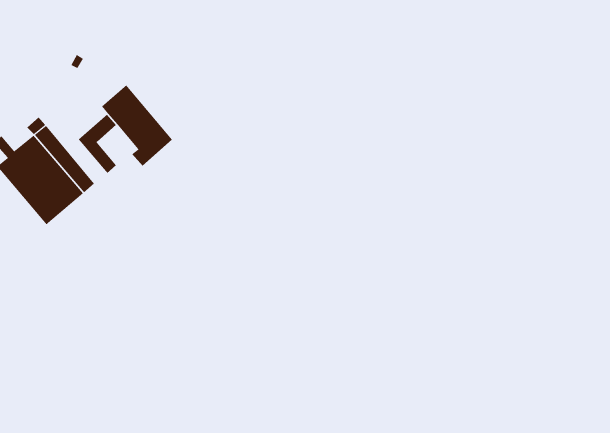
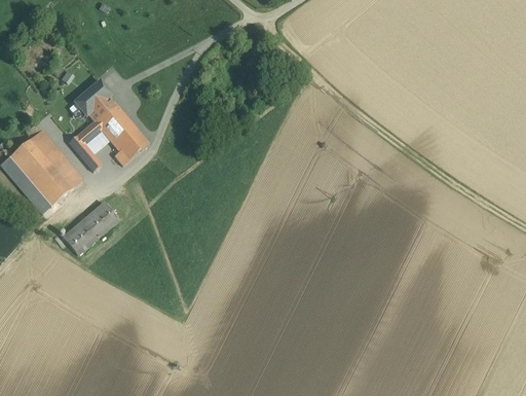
building: none -> [74,80,112,116]
building: none -> [63,202,119,254]

